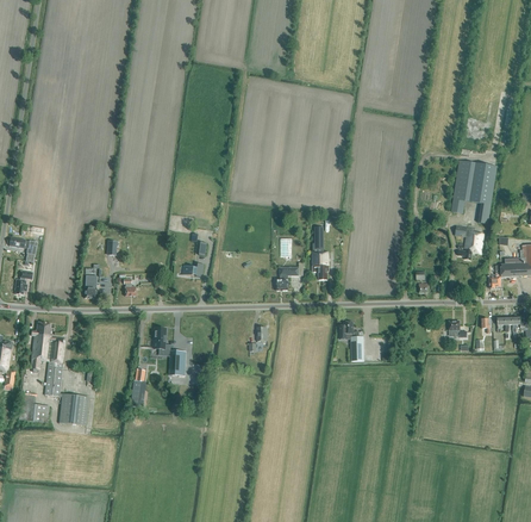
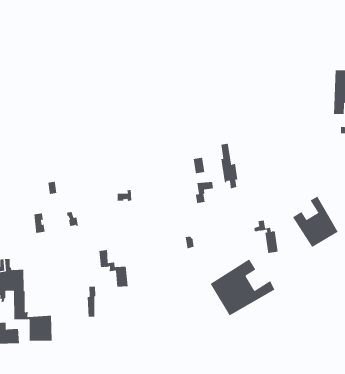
building: none -> [292,196,338,248]
building: none -> [210,258,275,316]

